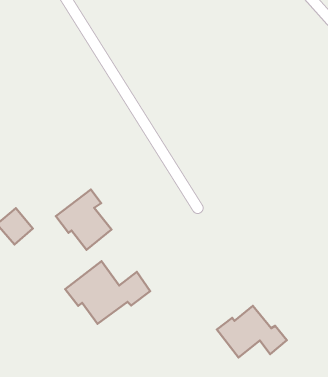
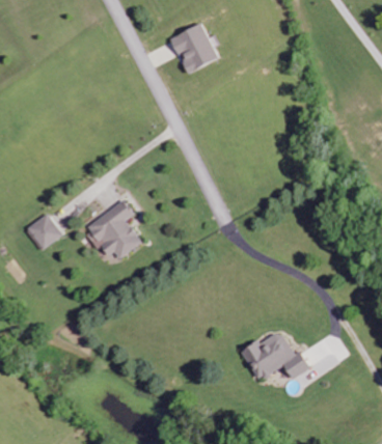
building: none -> [170,23,219,74]
building: [65,261,150,324] -> none

